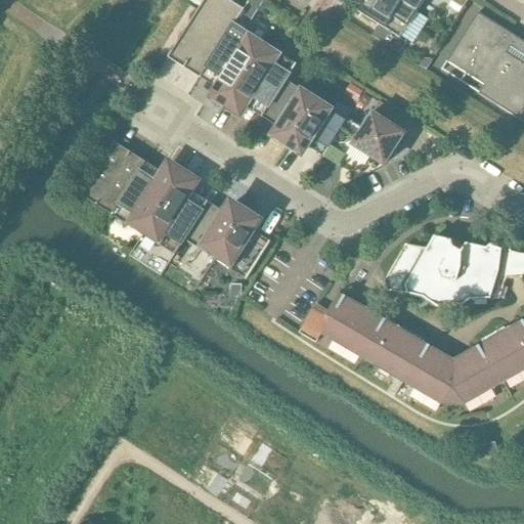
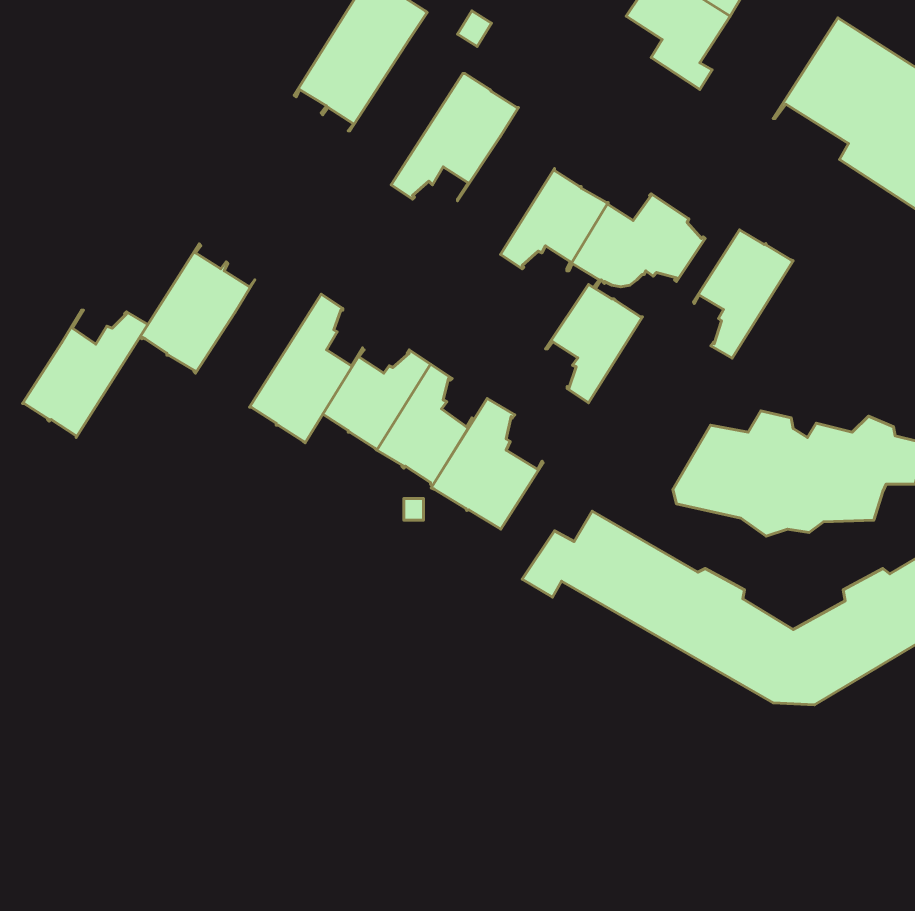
building: [201,23,265,105] -> none
building: [262,78,317,145] -> [546,284,642,403]
building: none -> [693,230,793,358]
building: [113,160,184,232] -> [22,310,148,437]
building: none -> [431,399,543,529]

